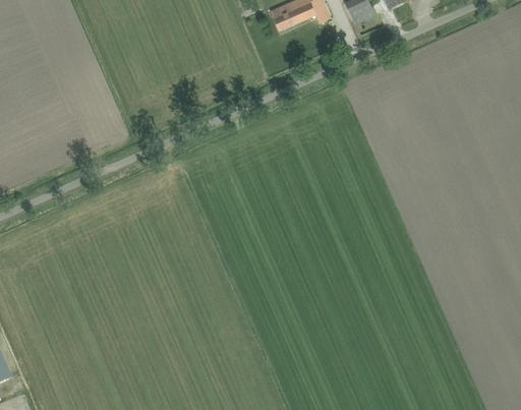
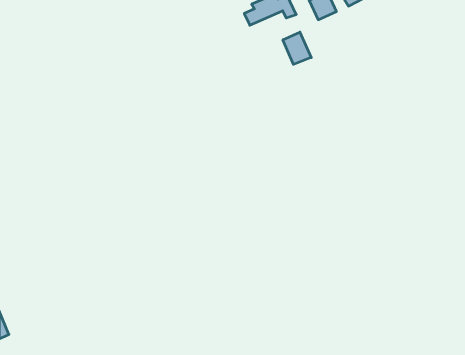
building: none -> [283,32,311,64]

